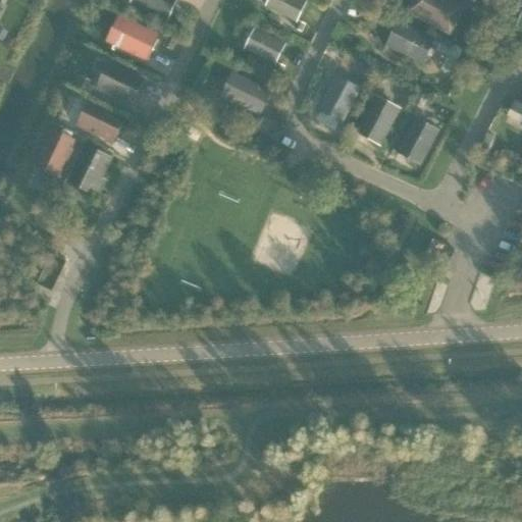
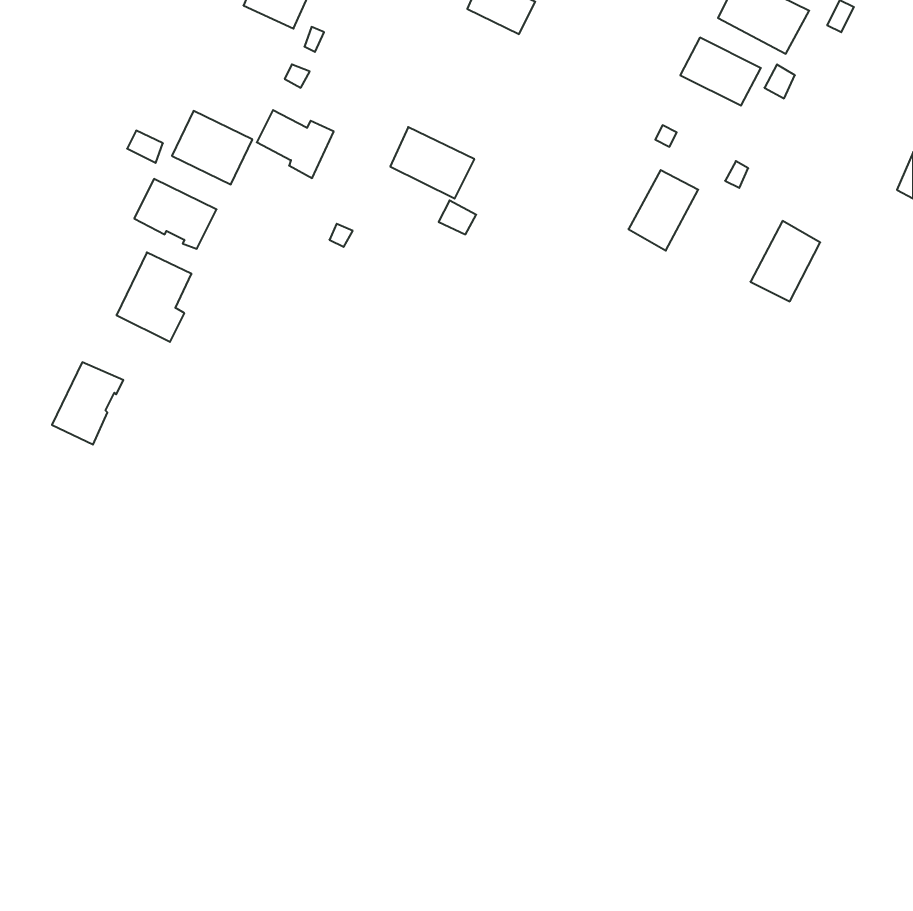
building: [115,21,159,60] -> [257,110,334,178]
building: [246,29,283,61] -> none
building: [319,75,359,121] -> none
building: [397,117,436,163] -> [750,221,820,301]
building: [35,130,75,177] -> [52,362,123,445]

